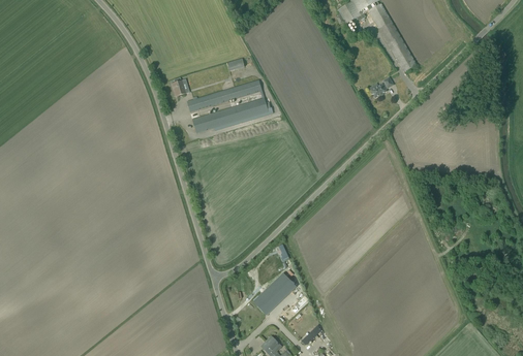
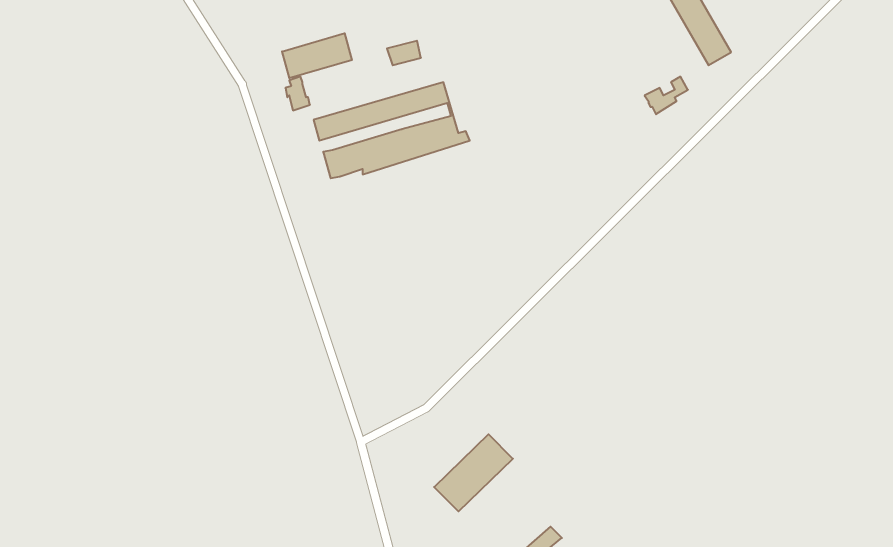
building: none -> [282,33,352,78]

